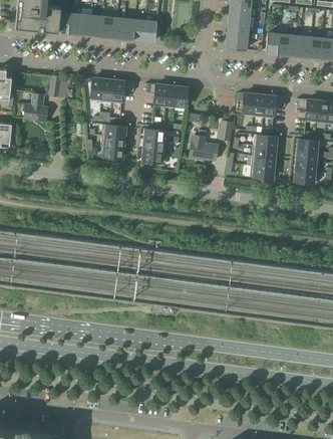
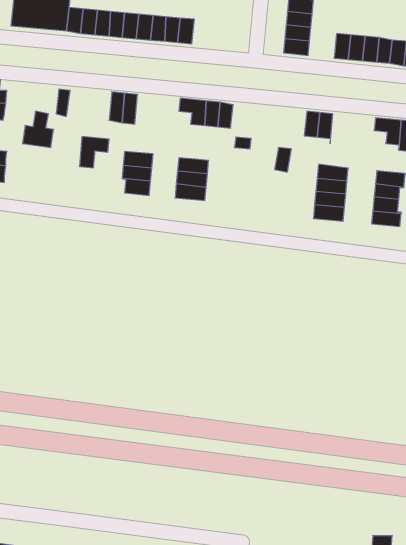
building: [111,79,134,103] -> [79,137,109,168]
building: [263,94,286,119] -> none
building: [190,130,219,160] -> none

